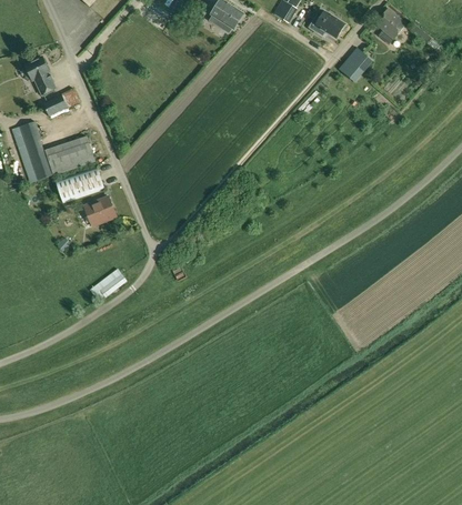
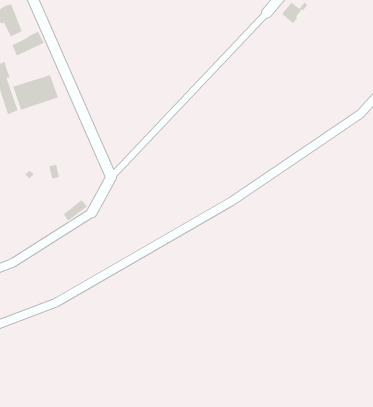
building: [53,165,103,202] -> none
building: [83,196,116,225] -> none

